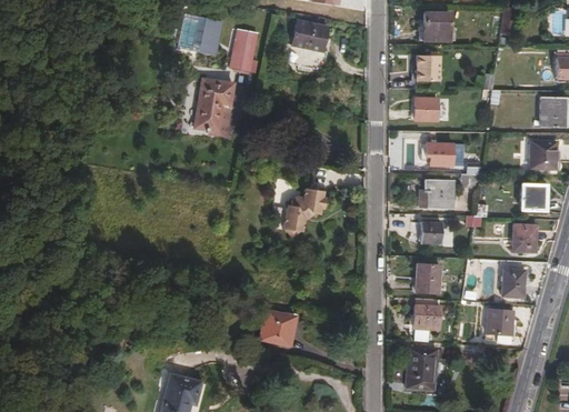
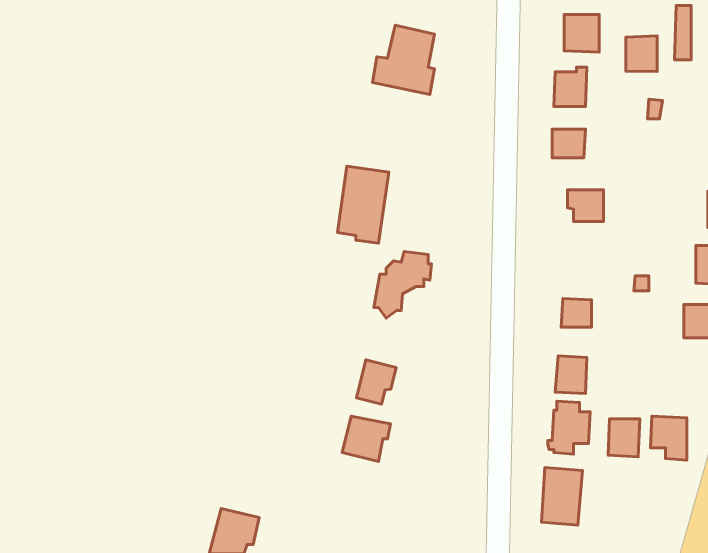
building: [187,13,222,54] -> none
building: [229,29,253,72] -> none
building: none -> [626,36,657,72]
building: [196,80,233,137] -> [338,166,389,243]
building: [420,179,448,208] -> none
building: none -> [356,360,396,404]
building: [501,270,525,298] -> [608,419,640,457]

